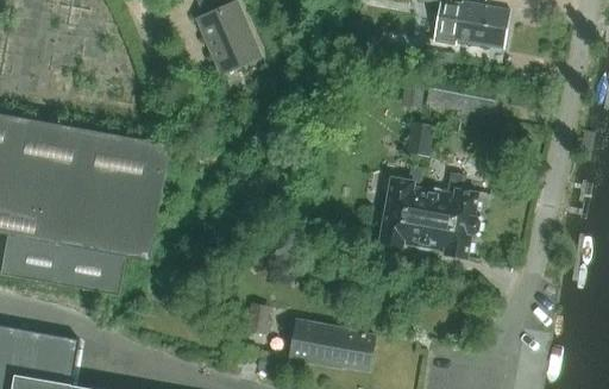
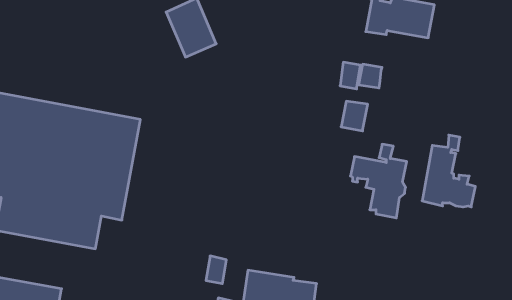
building: [379,165,441,249] -> [422,135,475,207]

